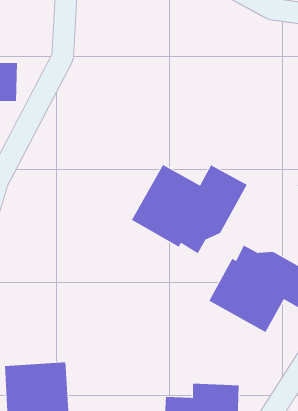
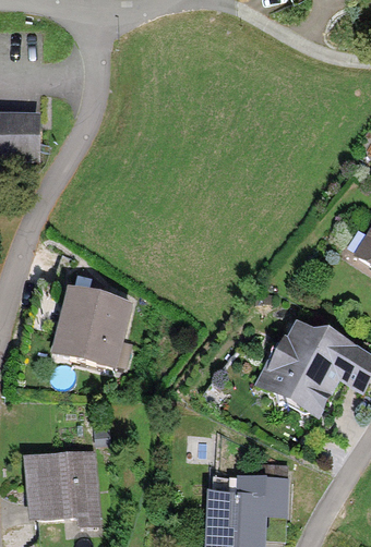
building: [131,164,247,254] -> none
building: none -> [50,283,134,369]

